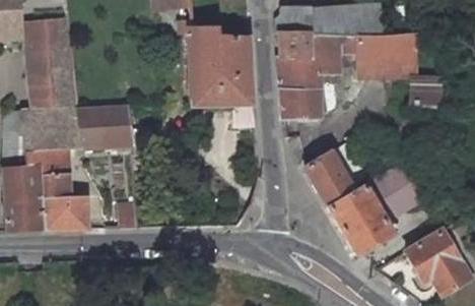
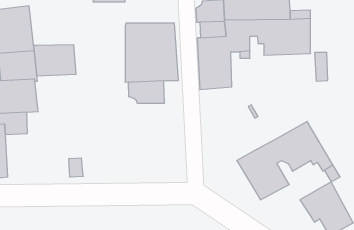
building: [76,107,129,145] -> [33,45,76,76]
building: none -> [129,81,164,104]
building: [303,151,351,206] -> none
building: [40,173,84,227] -> none

